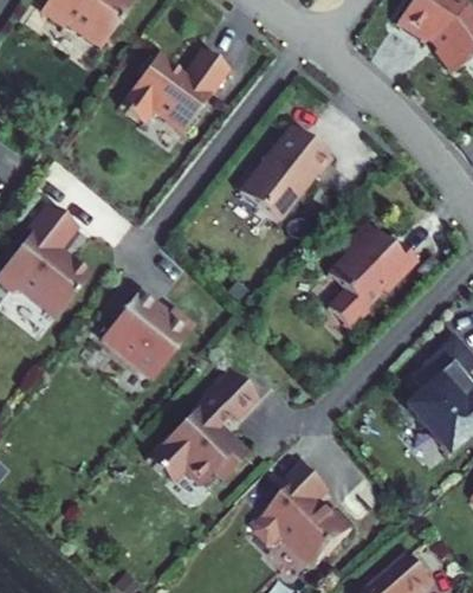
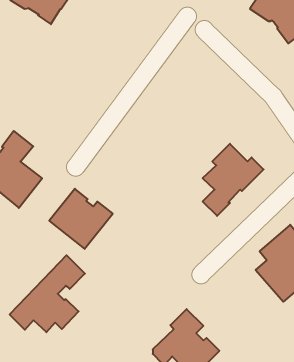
building: [119,50,229,133] -> none
building: [239,124,332,220] -> none
building: [145,369,257,483] -> [10,255,85,332]

